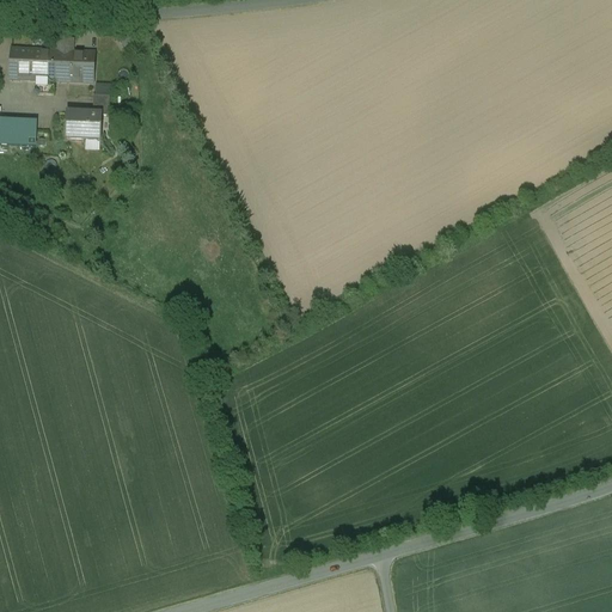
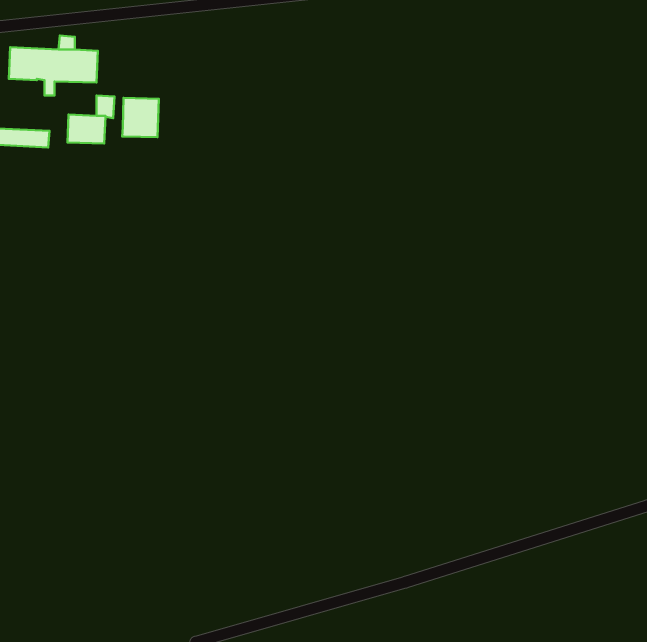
building: none -> [122,98,159,137]

